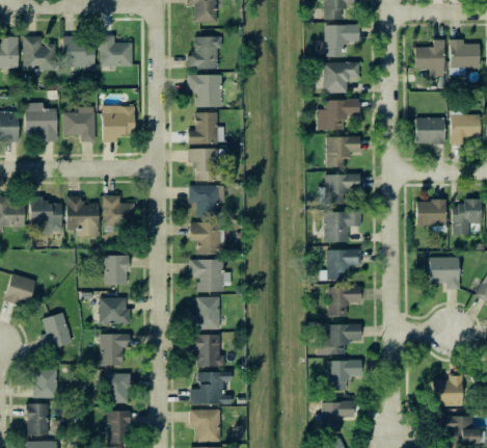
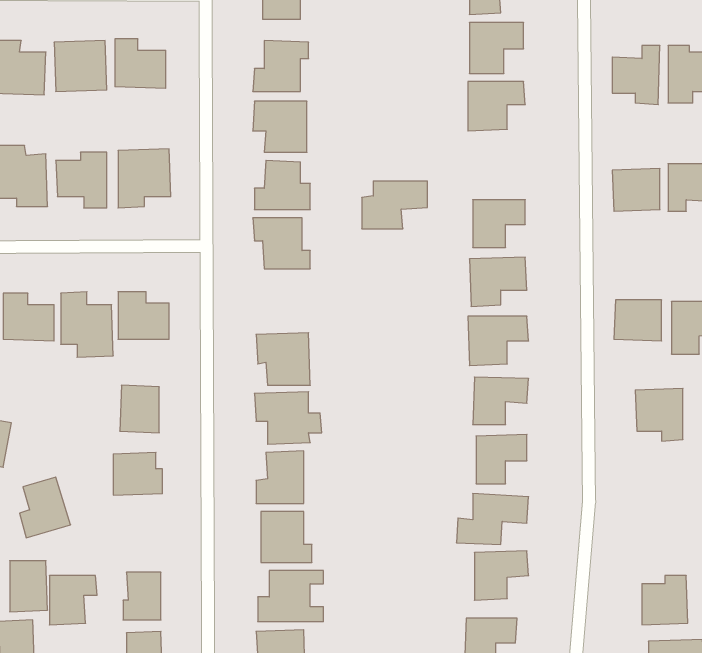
building: [317,100,358,130] -> [362,181,427,229]
building: [188,185,223,218] -> none
building: [100,335,130,366] -> [49,576,97,625]

